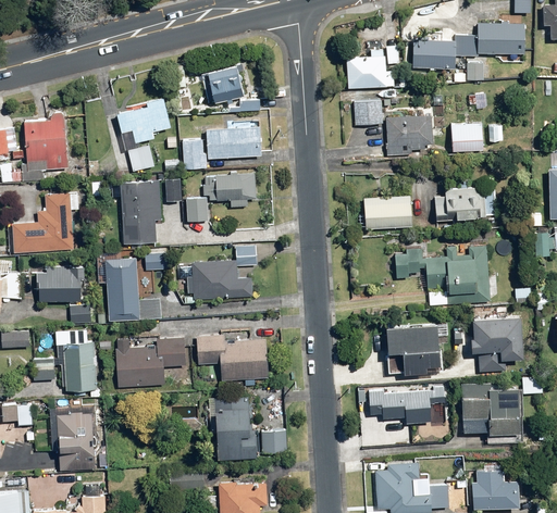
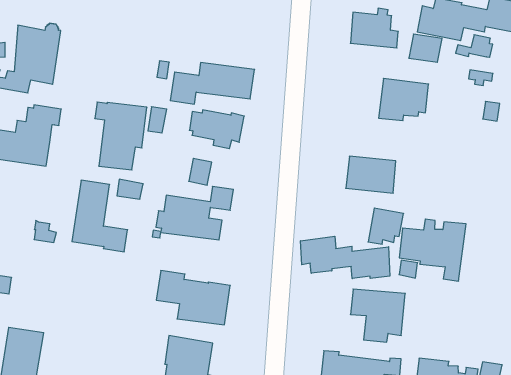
building: [207,66,245,103] -> none
building: [116,97,173,173] -> none
building: [354,101,383,125] -> [409,34,442,62]
building: [451,123,483,151] -> none
building: [435,188,494,222] -> none
building: [187,198,207,222] -> [189,158,212,185]
building: [38,267,85,302] -> none
building: none -> [301,236,390,279]
building: [472,314,523,373] -> none
building: [117,339,185,388] -> none
building: [58,341,94,390] -> none

